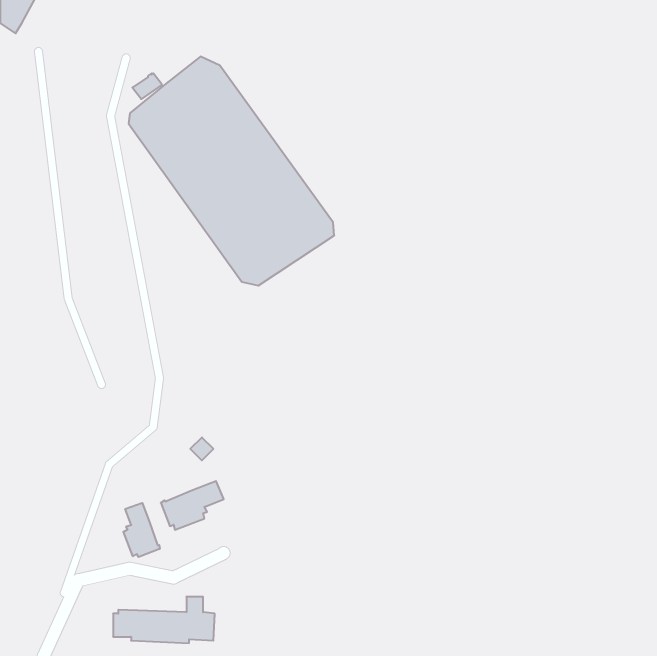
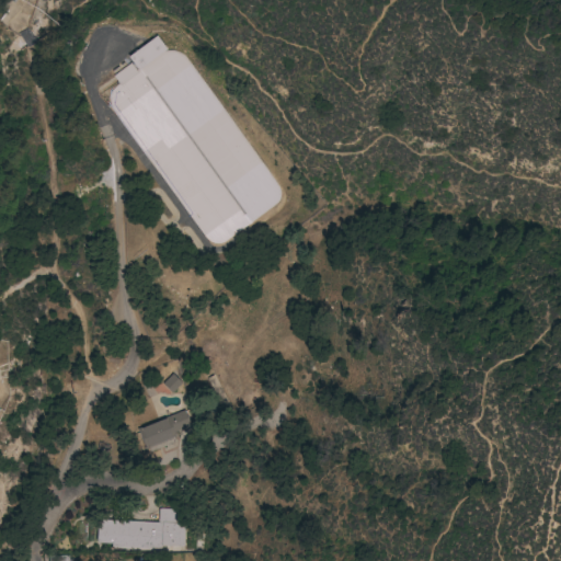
building: none -> [128,35,167,69]
building: [123,503,160,557] -> none

